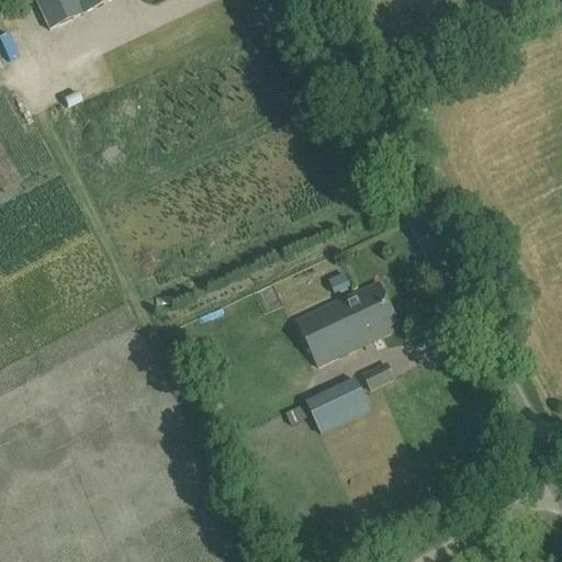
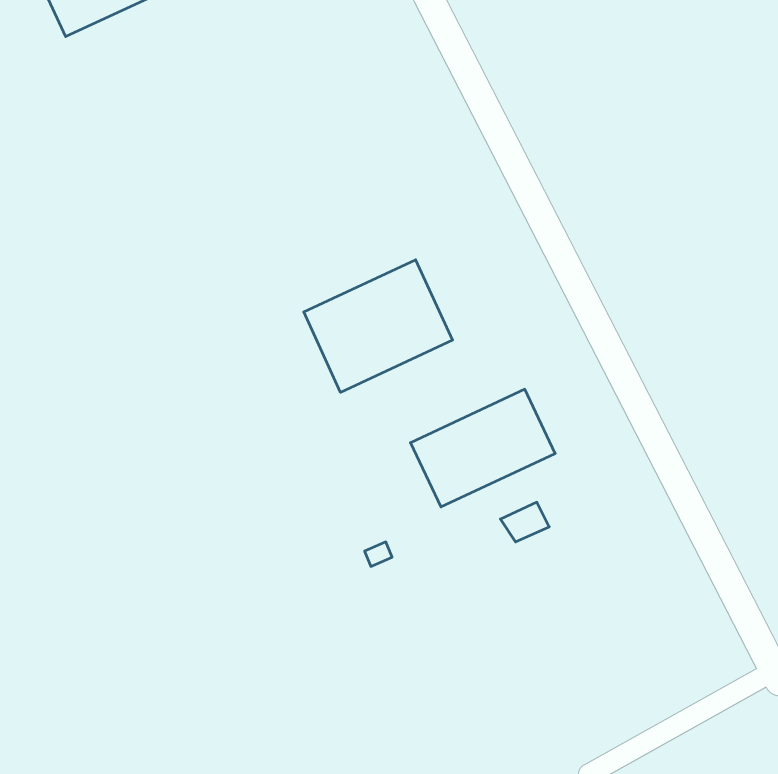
building: none -> [304,260,453,392]
building: [306,378,371,432] -> none

